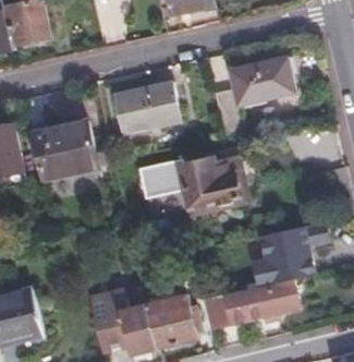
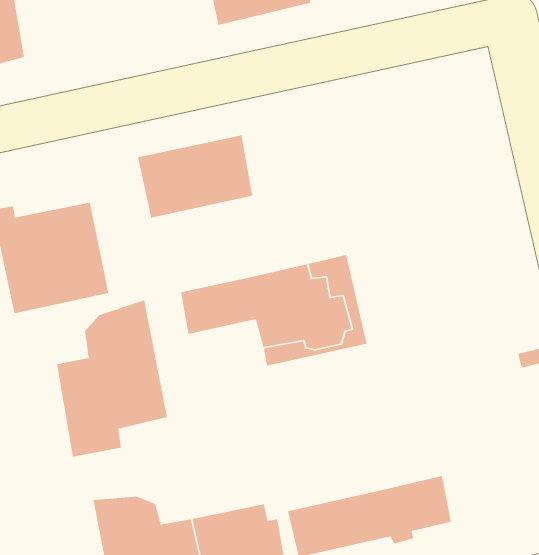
building: [215,53,301,135] -> none
building: none -> [56,299,168,458]
building: [253,221,329,288] -> none

